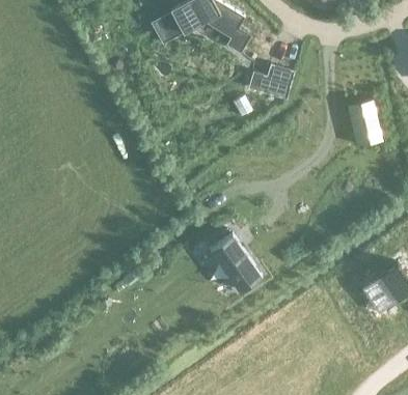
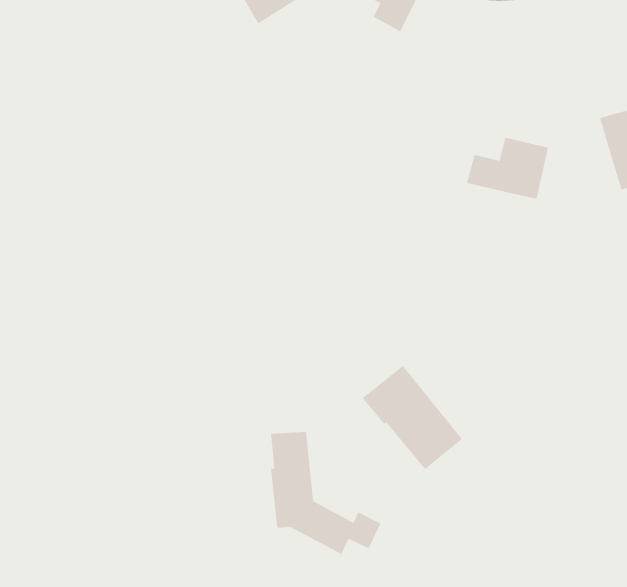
building: [247,65,294,101] -> [466,137,549,199]
building: none -> [270,431,381,555]

